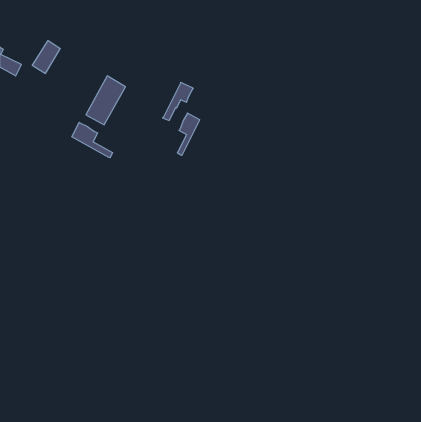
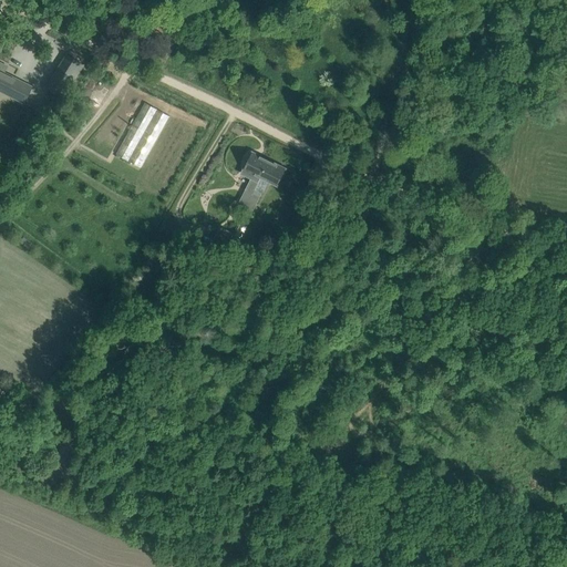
building: [163,82,193,120] -> [244,161,285,212]
building: [72,122,113,158] -> none

